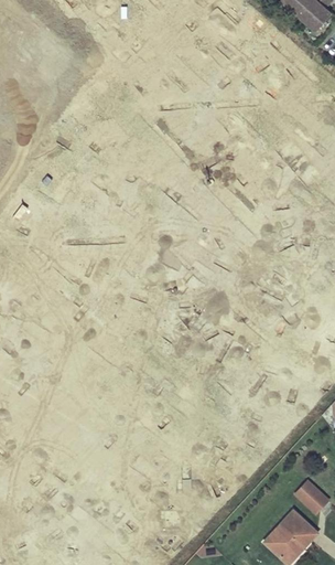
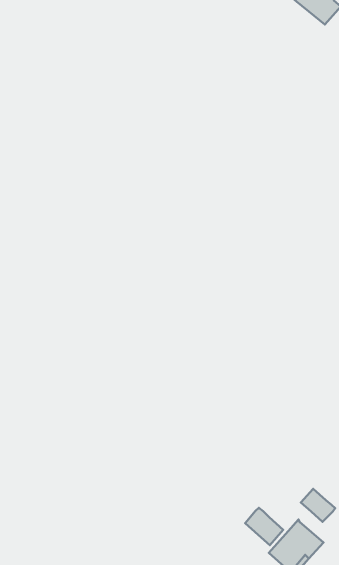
building: none -> [245,508,283,545]

